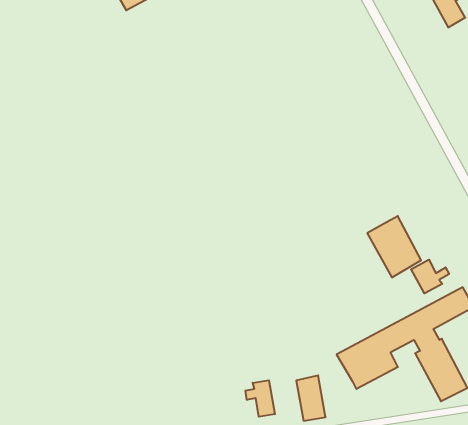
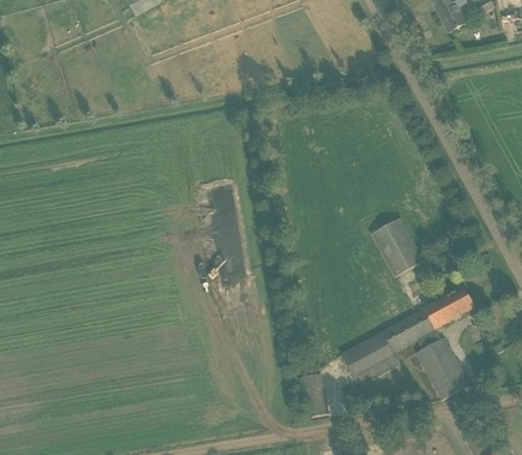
building: [411,260,449,293] -> none
building: [245,380,275,417] -> none

